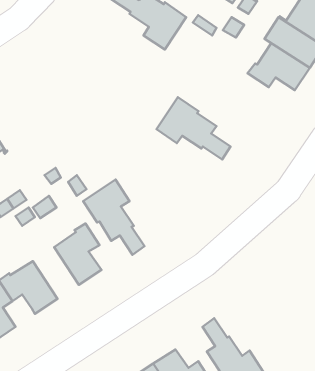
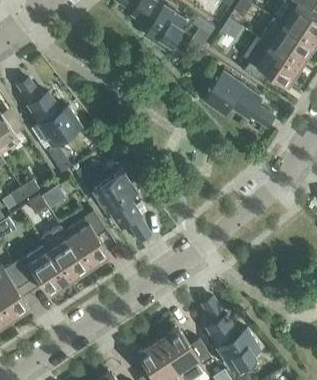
building: none -> [18,80,81,151]
building: [157,97,231,159] -> [204,69,273,127]
building: none -> [44,233,87,281]

